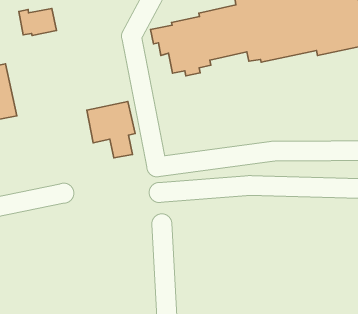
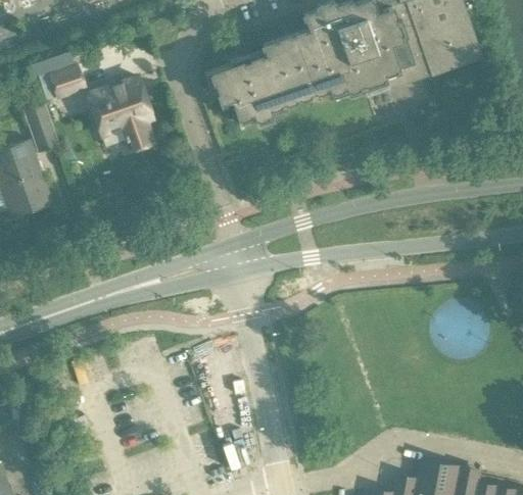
building: none -> [23,106,56,151]
building: [87,102,135,158] -> [89,77,153,149]

